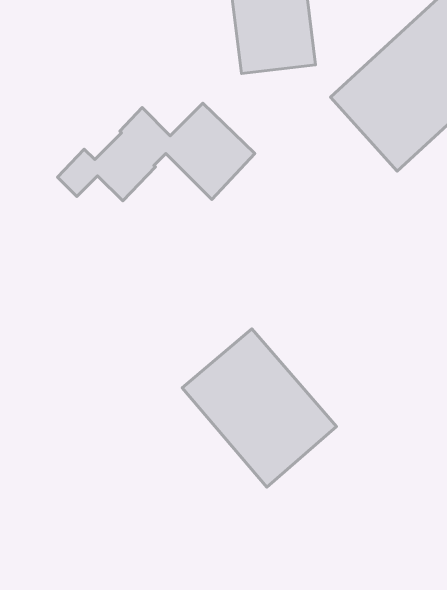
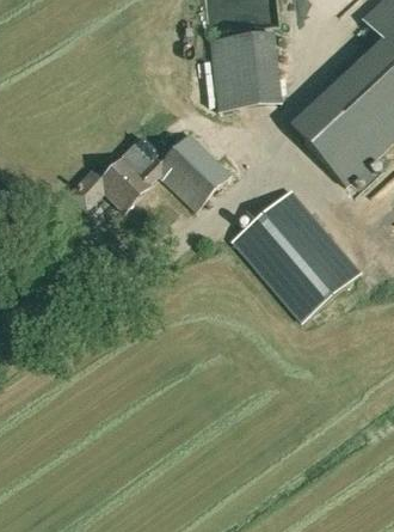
building: [182,329,337,487] -> [233,192,357,320]

